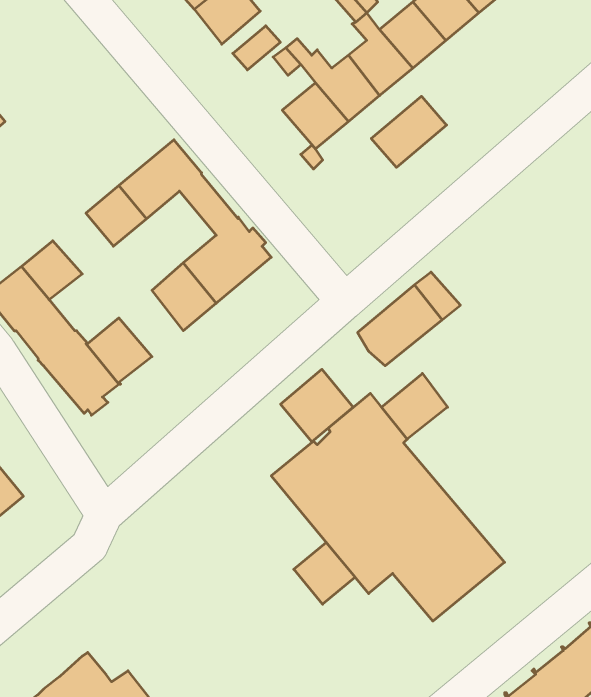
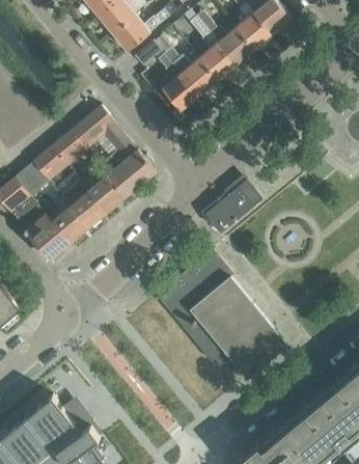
building: [371,96,447,167] -> none
building: none -> [32,147,66,182]
building: none -> [70,191,106,228]
building: [281,369,353,442] -> none
building: [381,373,448,439] -> none
building: [294,542,355,604] -> none

